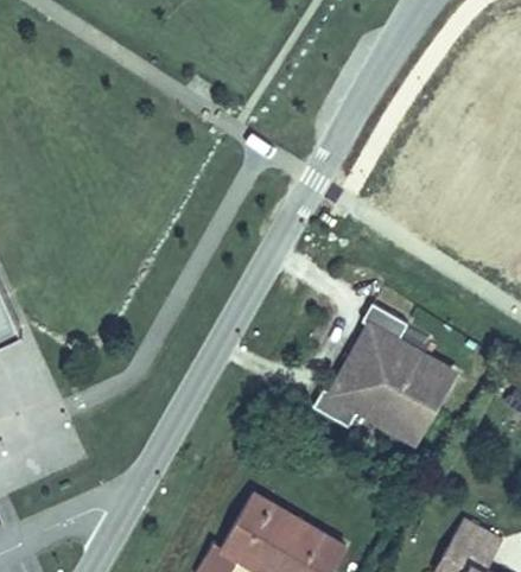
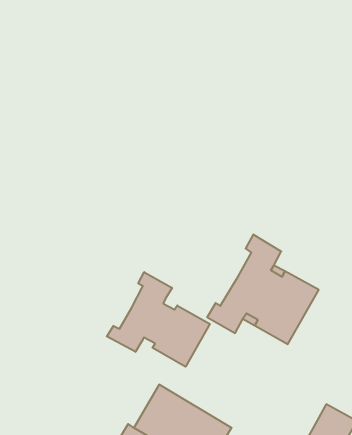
building: none -> [107,272,210,367]

